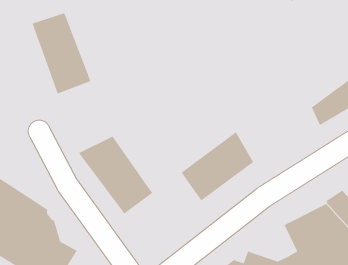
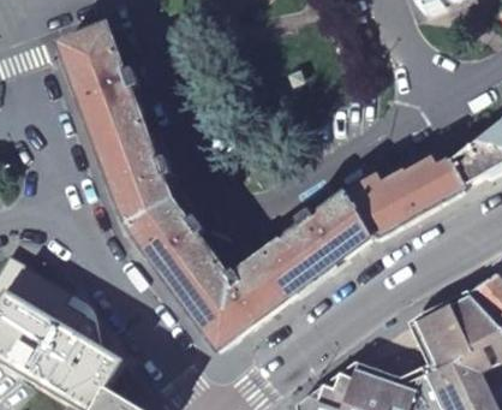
building: none -> [94,124,172,224]
building: none -> [345,159,461,237]
building: none -> [187,251,295,350]

